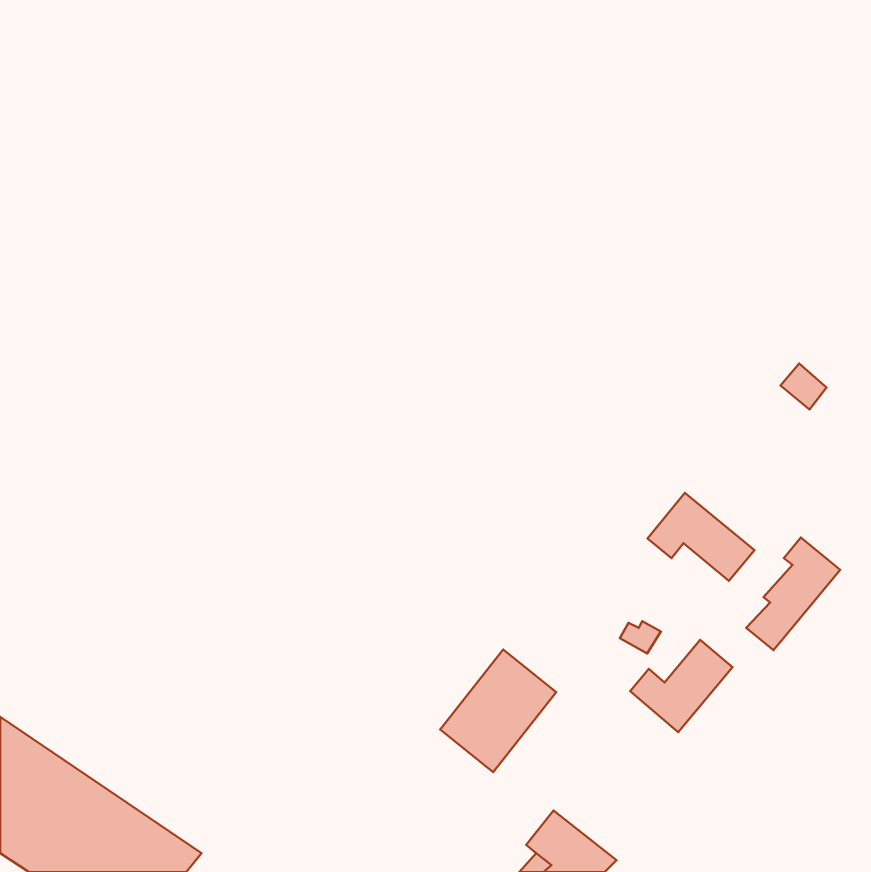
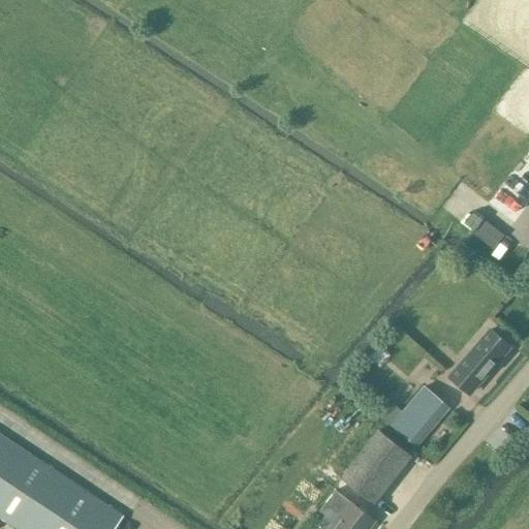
building: [648,493,754,581] -> none
building: [440,649,556,772] -> [341,431,411,505]

